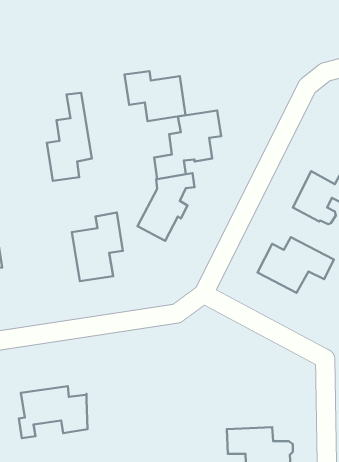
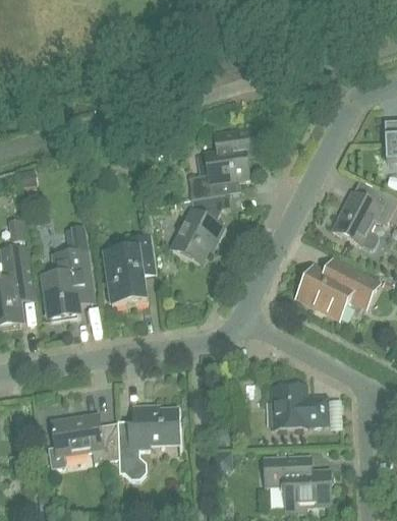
building: [125,71,186,121] -> none
building: [47,93,92,181] -> [44,226,91,317]
building: none -> [272,385,326,427]
building: none -> [118,404,179,478]

